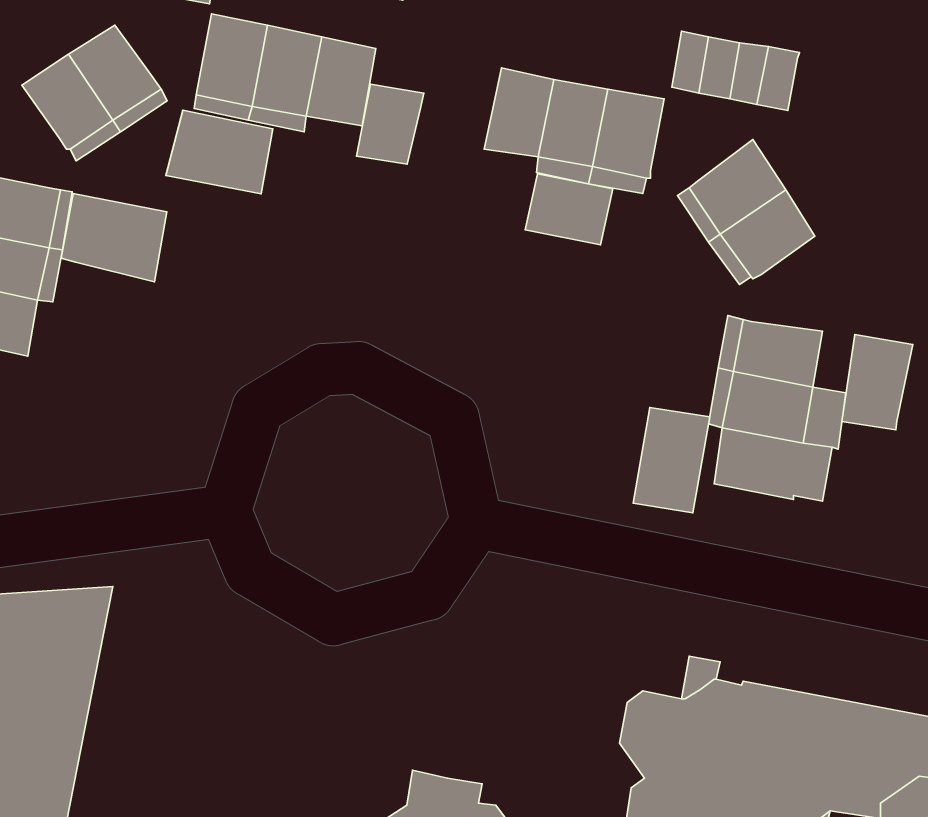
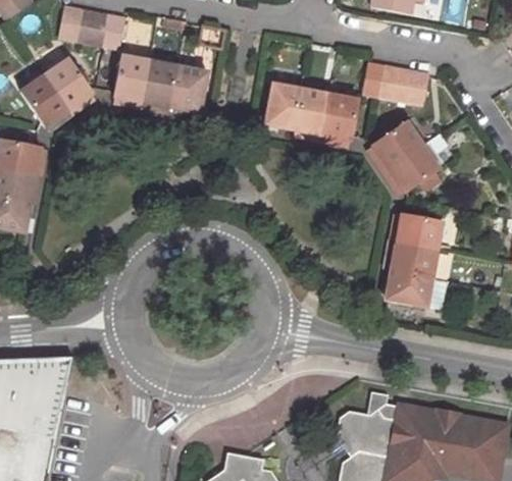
building: [356,84,424,164] -> none
building: [166,110,273,194] -> none
building: [525,174,613,245] -> none
building: [61,193,167,282] -> none
building: [842,334,913,430] -> none
building: [633,407,710,513] -> none

